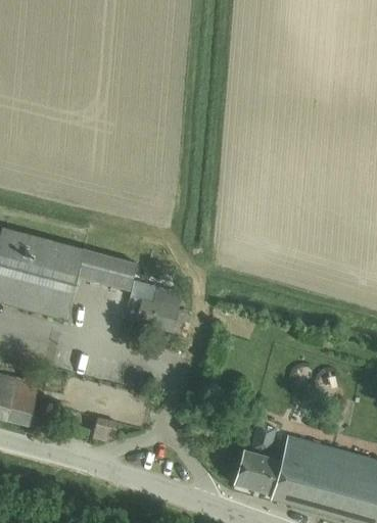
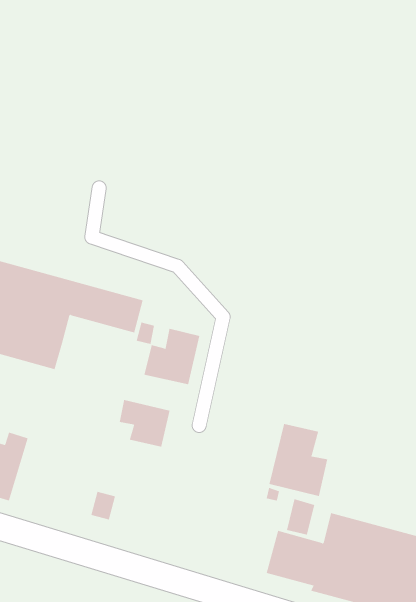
building: none -> [119,399,170,448]
building: none -> [269,423,328,497]

